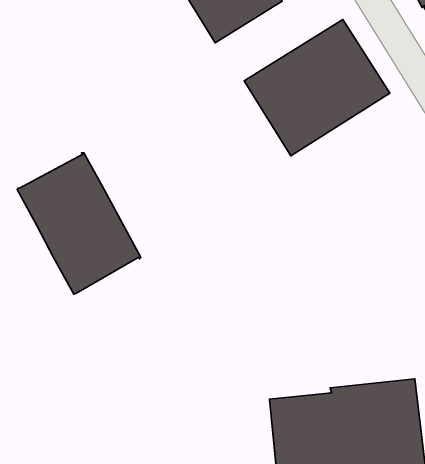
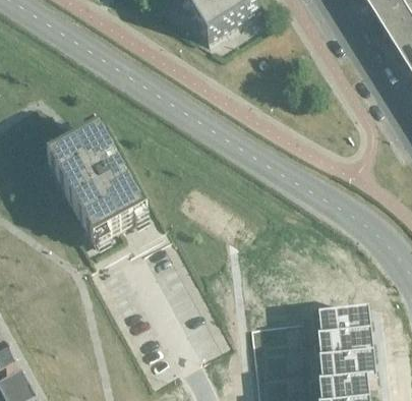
building: [244,20,390,156] -> none

